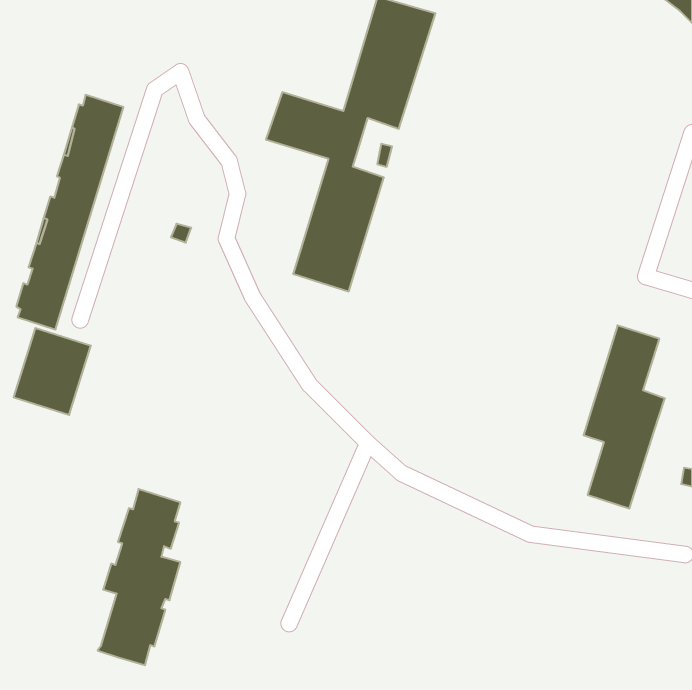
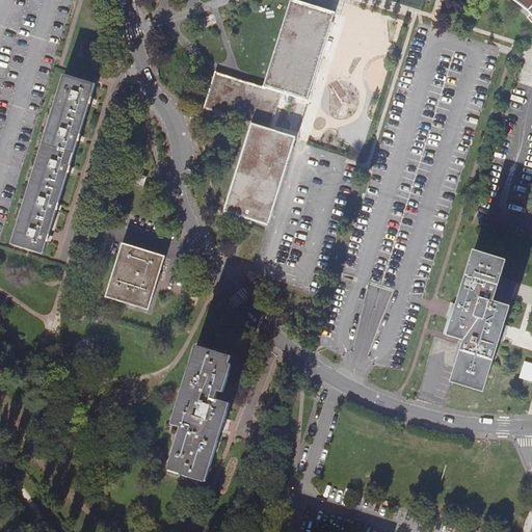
building: [14,328,91,415] -> [105,241,164,308]
building: [98,489,180,665] -> [166,345,230,480]

